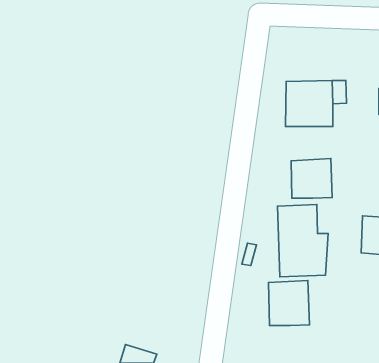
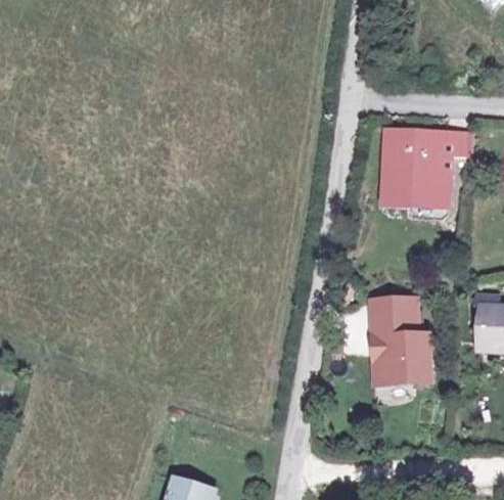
building: [291,159,332,198] -> none
building: [269,280,309,326] -> none

